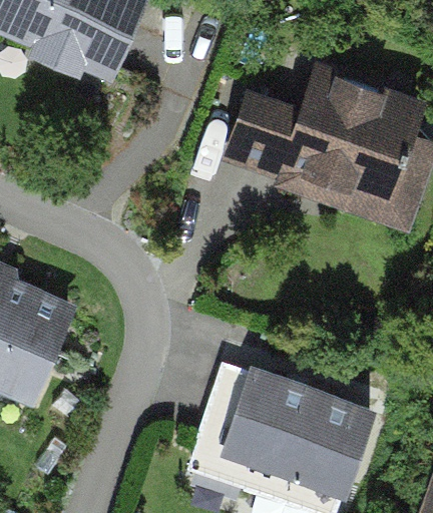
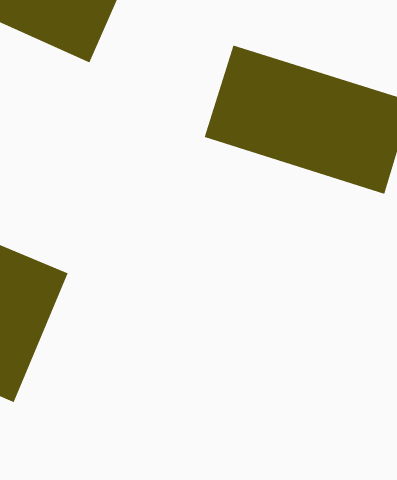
building: [212,354,376,497] -> none

